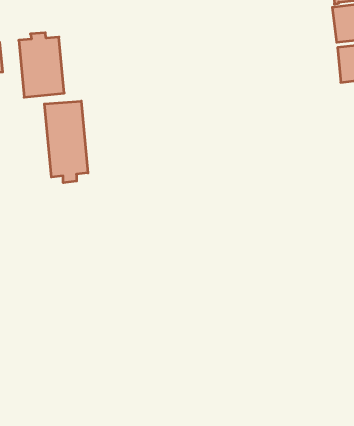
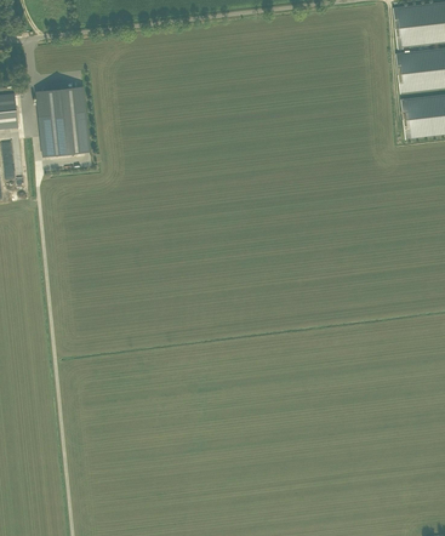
building: [44,101,88,183] -> none

